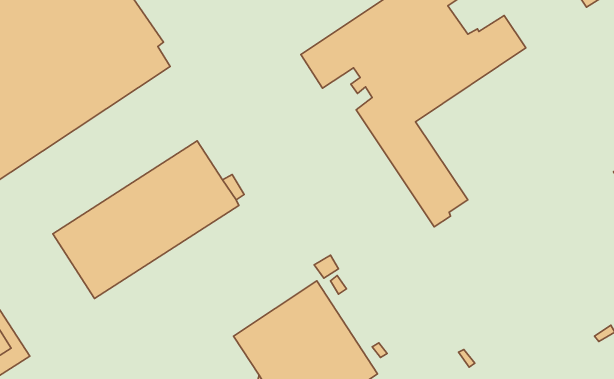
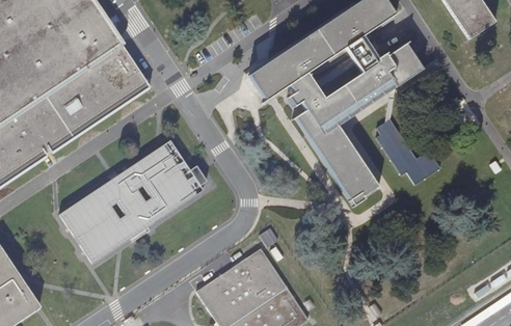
building: none -> [376,118,440,184]

